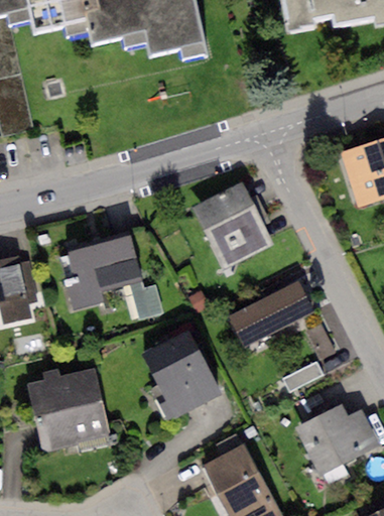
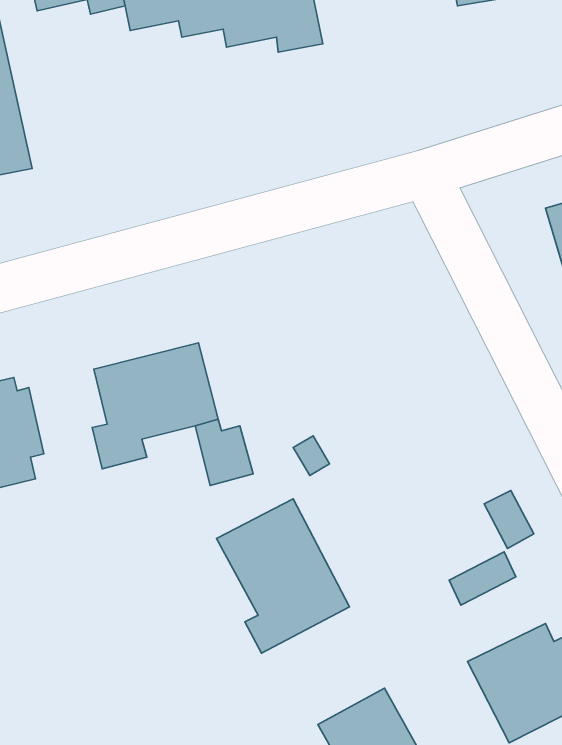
building: [191,182,272,268] -> none
building: [229,282,313,347] -> none
building: [26,368,110,453] -> none

